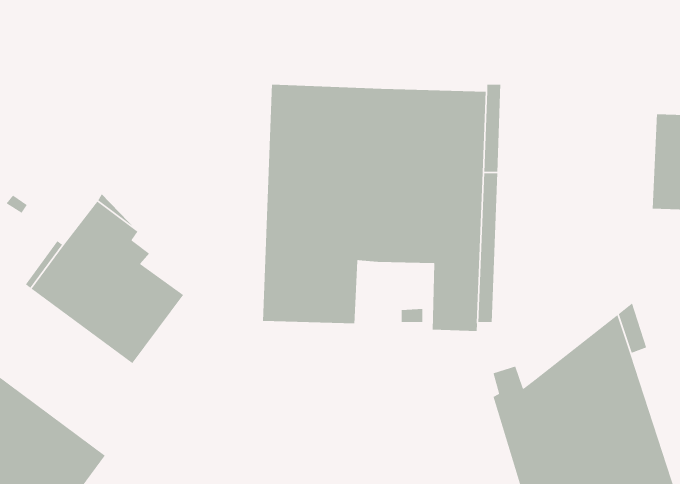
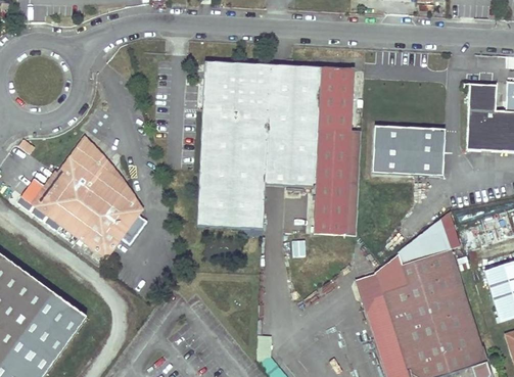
building: none -> [370,124,441,173]

